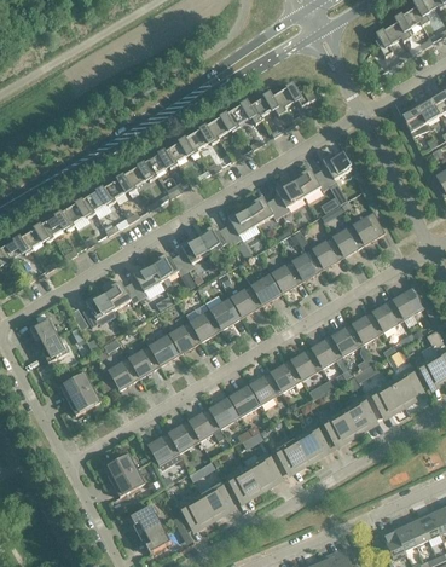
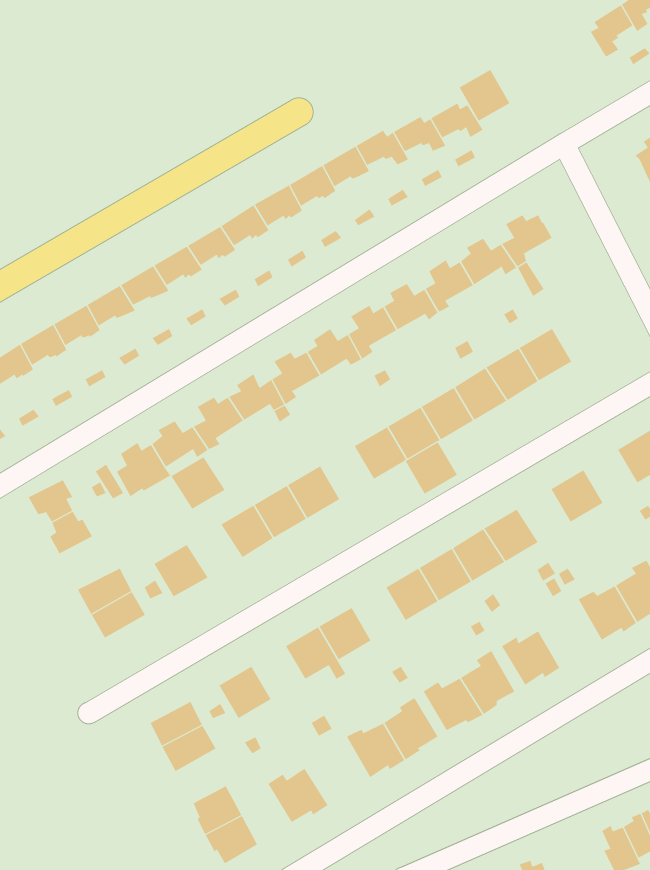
building: none -> [459,69,510,121]
building: [352,210,386,244] -> none
building: [209,296,242,329] -> [405,442,458,495]
building: [371,299,404,331] -> none
building: [330,323,363,355] -> none
building: [127,345,161,377] -> [170,456,225,509]
building: [228,383,261,416] -> none
building: [343,394,377,433] -> none
building: [167,420,199,452] -> none
building: [199,479,233,517] -> none

